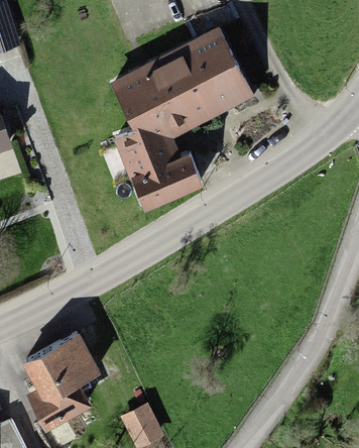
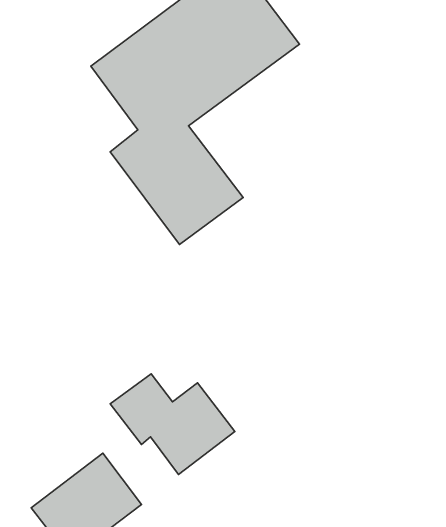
building: none -> [110,374,235,474]

